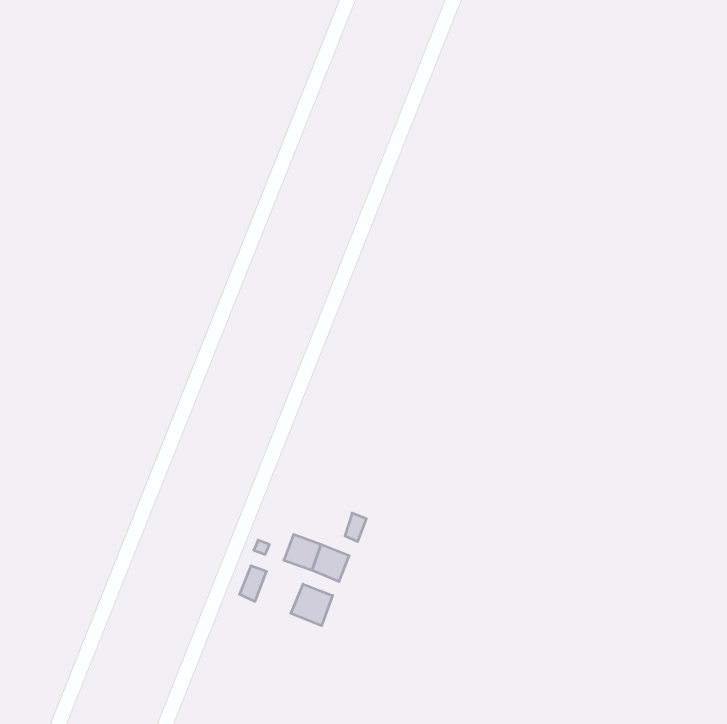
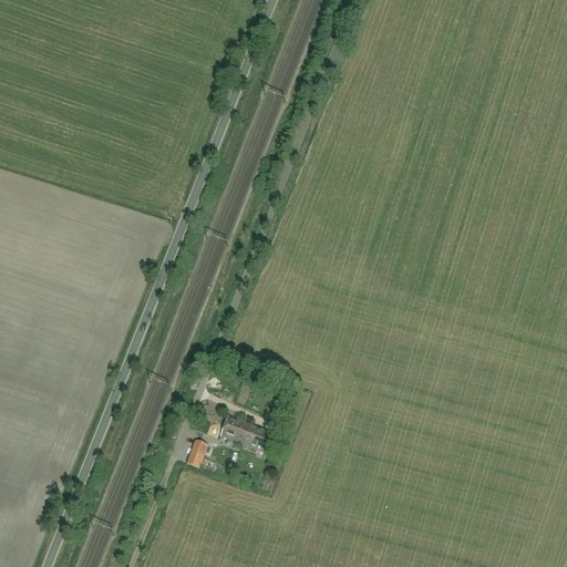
building: [291,584,333,626] -> none

